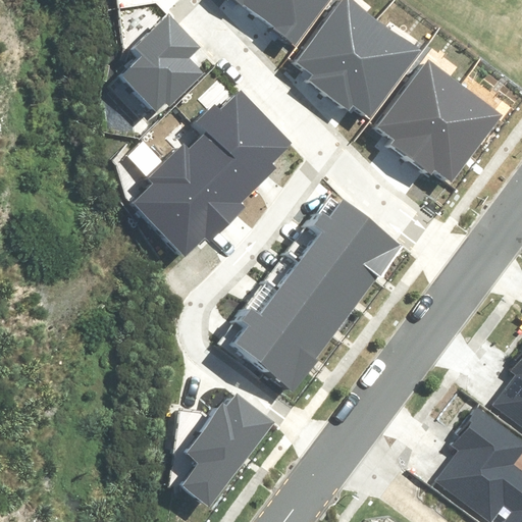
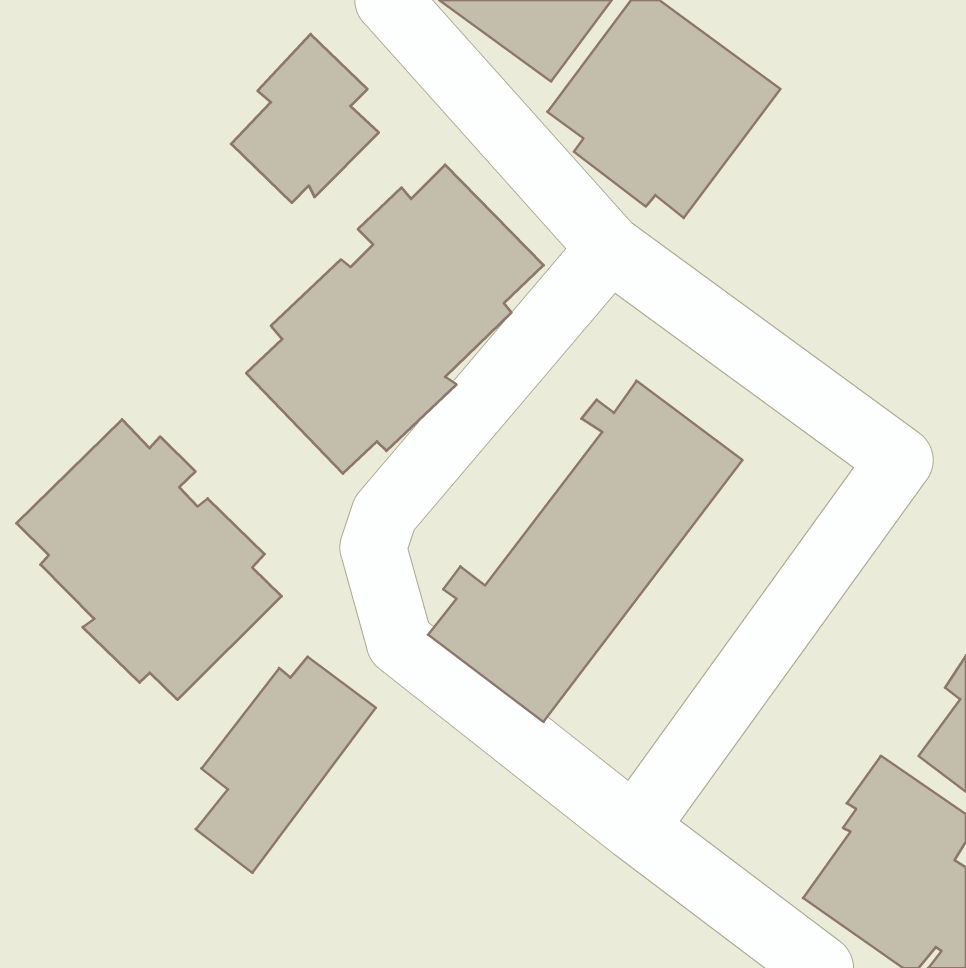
building: [376,57,501,182] -> none
building: none -> [16,419,282,700]
building: [177,394,274,510] -> [196,657,376,873]

